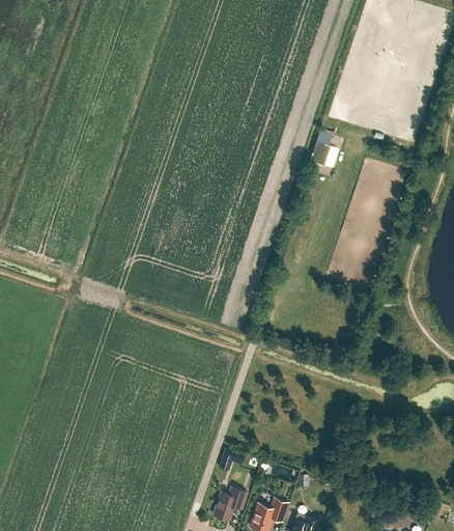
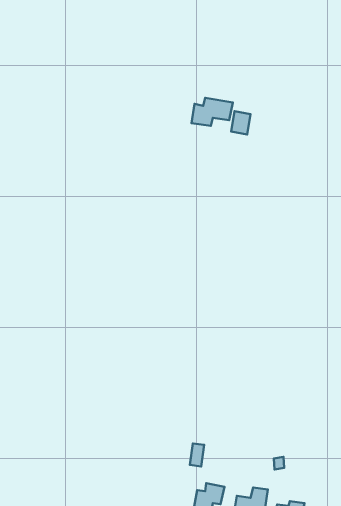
building: none -> [192,98,233,126]

